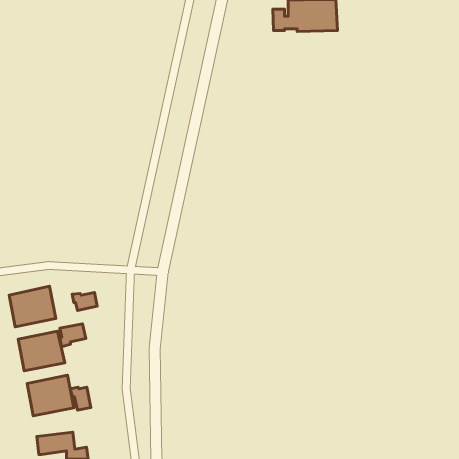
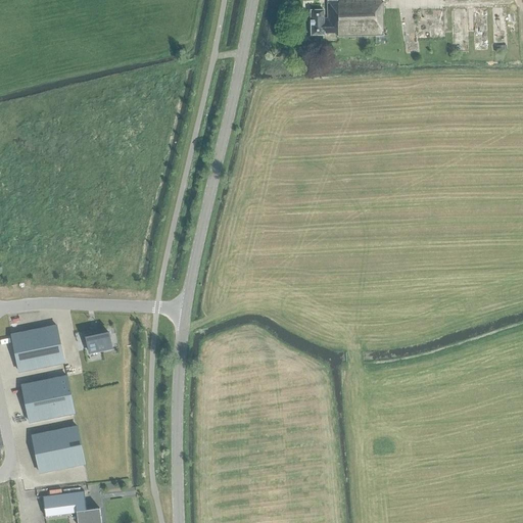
building: [60,324,86,347] -> none
building: [70,387,91,410] -> none

